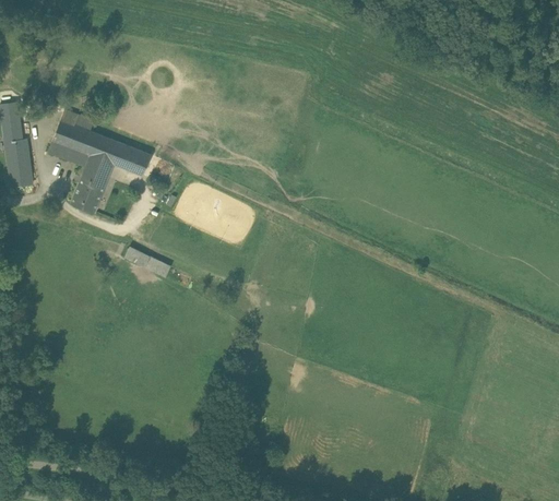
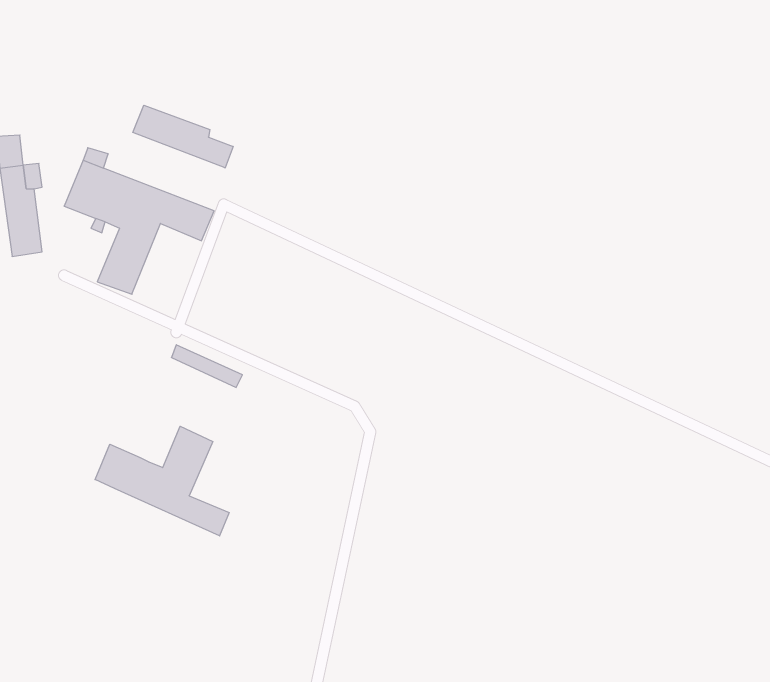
building: none -> [133,105,233,168]
building: none -> [95,426,229,536]

